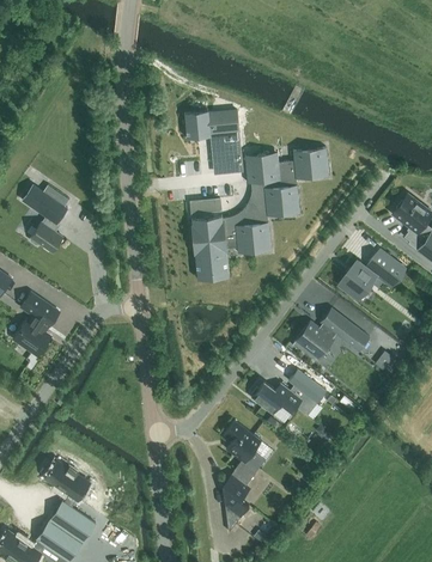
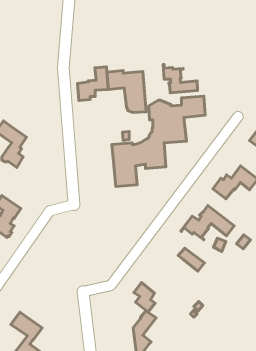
building: none -> [163,64,198,93]
building: none -> [77,67,108,101]
building: [251,381,317,416] -> none

